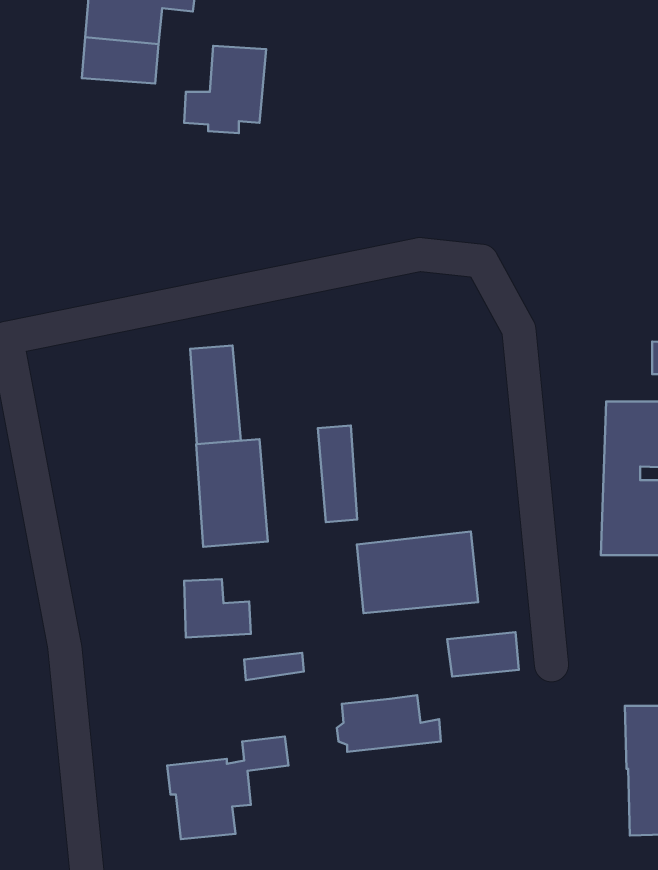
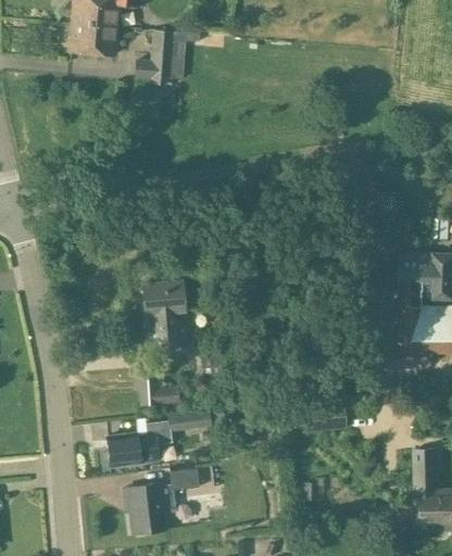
building: [190,345,241,444] -> none
building: [318,426,357,522] -> none
building: [357,532,478,613] -> none
building: [337,695,441,752] -> [104,430,171,466]

